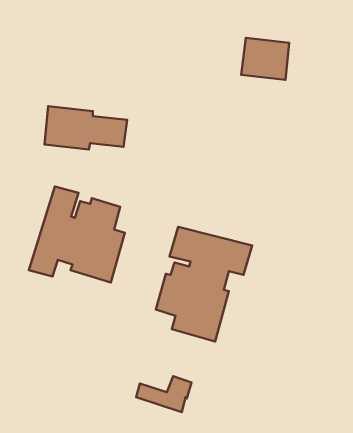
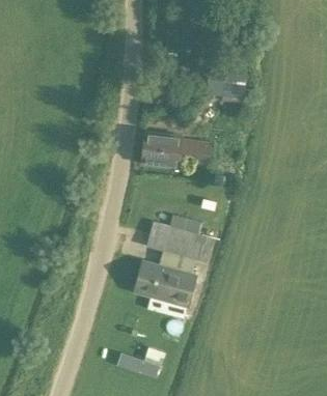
building: [45,106,127,149] -> [141,131,211,167]
building: [29,186,125,283] -> none

